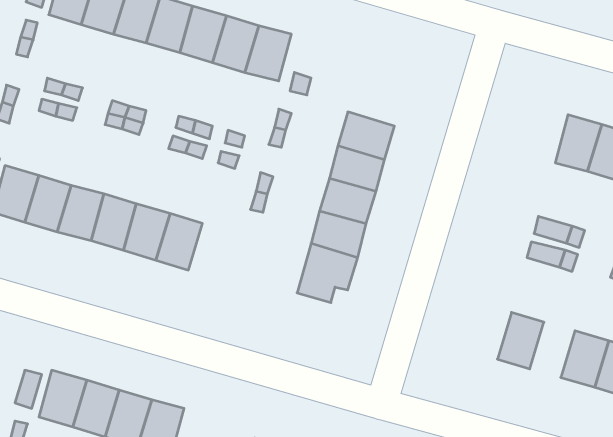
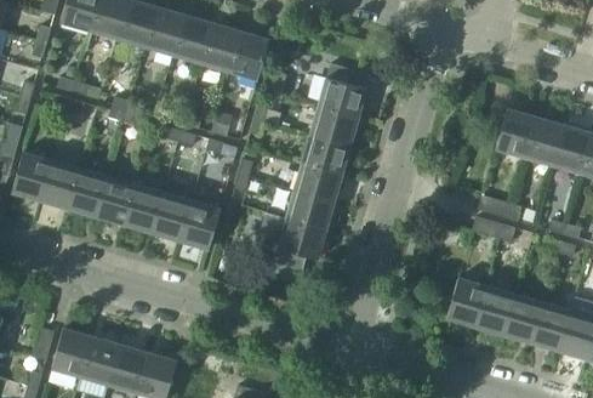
building: none -> [318,63,366,118]
building: none -> [181,201,221,249]
building: none -> [474,286,513,334]

